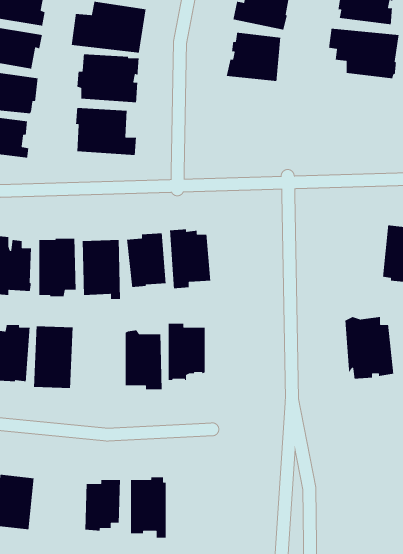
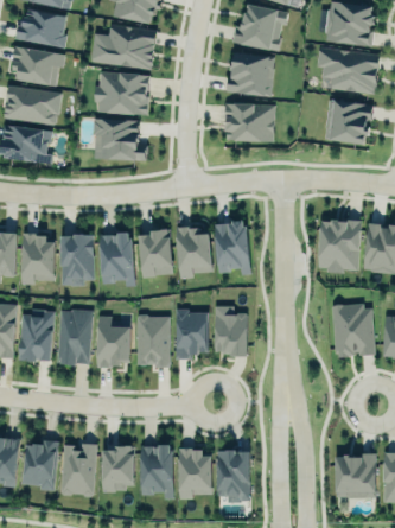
building: none -> [324,100,371,144]
building: none -> [224,103,274,141]
building: none -> [317,218,361,272]
building: none -> [215,220,250,274]
building: none -> [215,306,248,356]
building: none -> [95,316,130,369]
building: none -> [60,443,96,497]
building: none -> [178,447,212,500]
building: none -> [217,449,249,502]
building: none -> [335,454,375,500]

